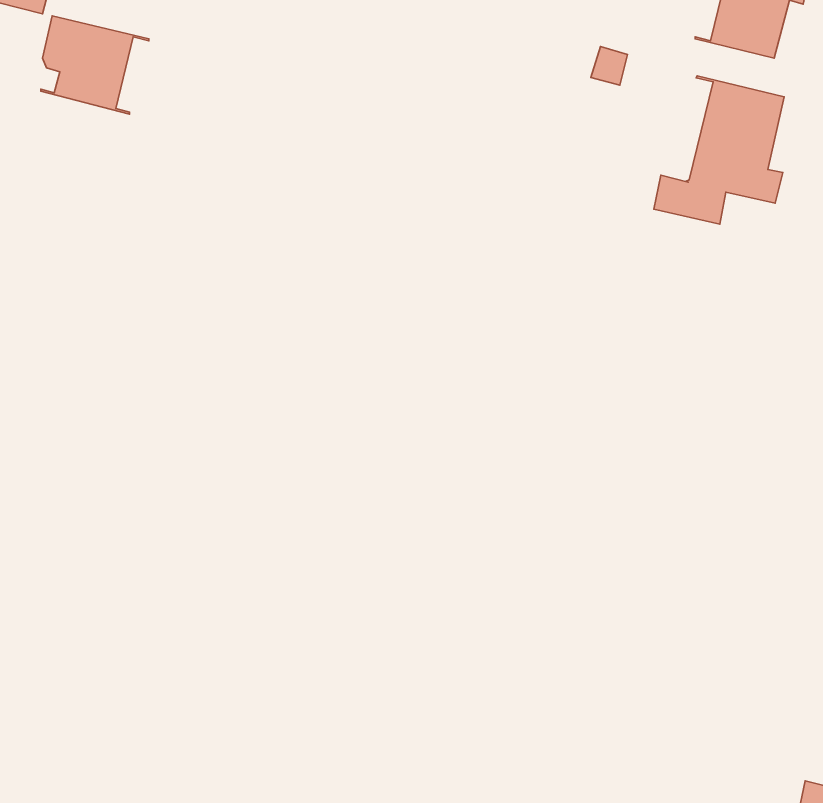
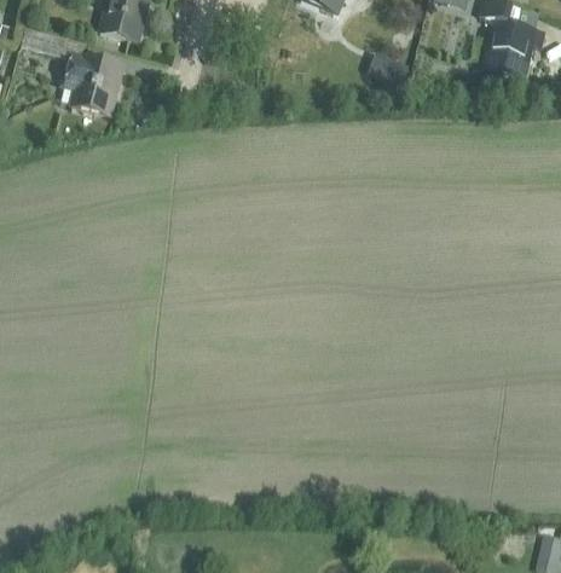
building: [654,76,784,224] -> none

